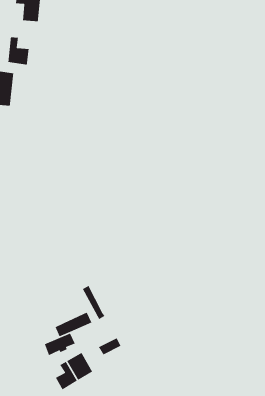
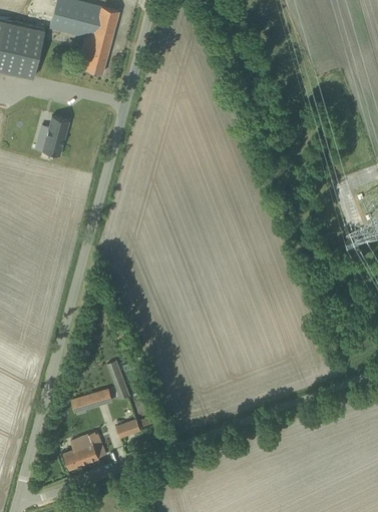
building: [7,36,29,65] -> none
building: [44,333,76,356] -> none

